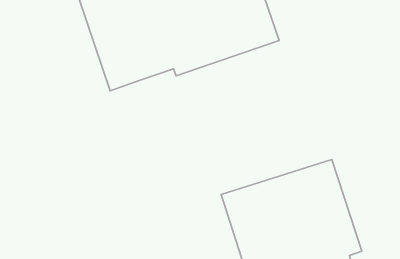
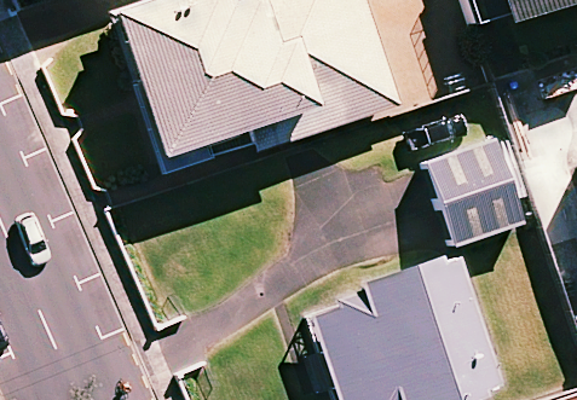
building: none -> [431,134,525,238]

